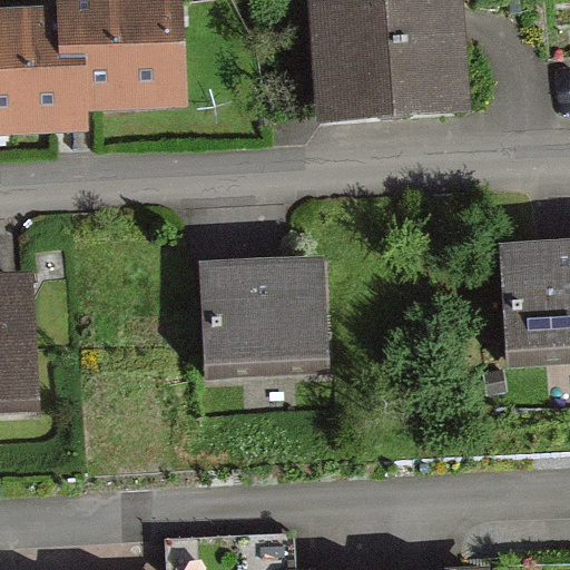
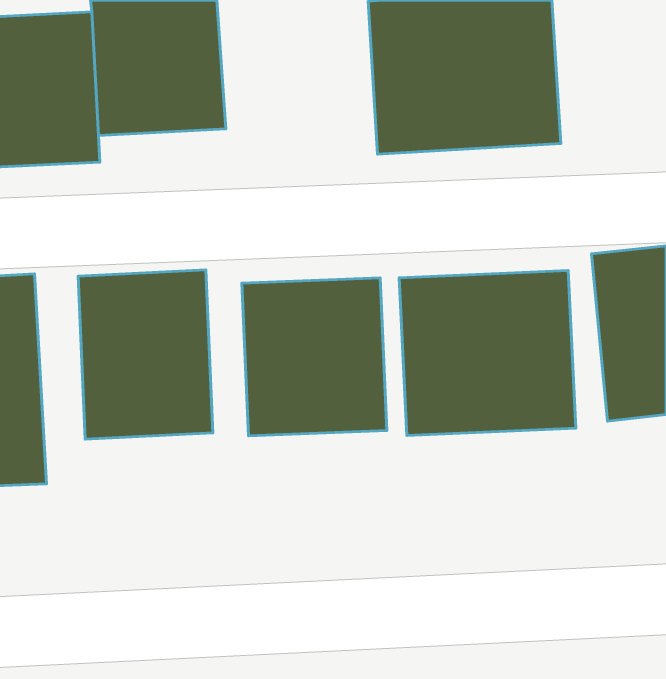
building: none -> [78,270,213,439]
building: none -> [399,270,576,435]

